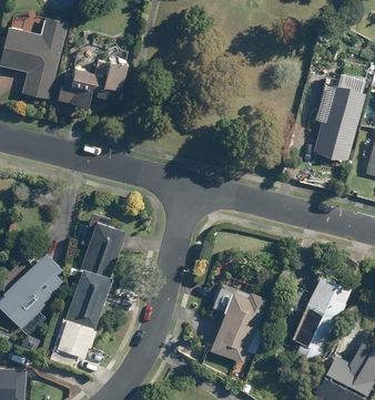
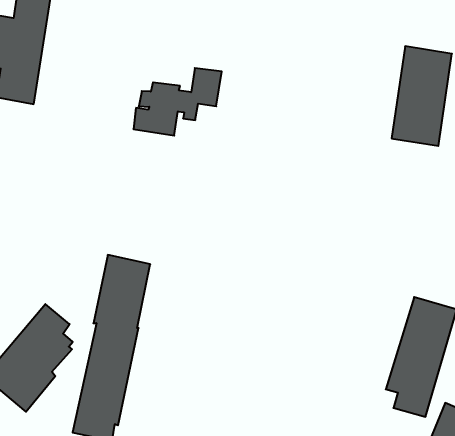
building: [59,61,129,110] -> [133,68,222,136]
building: [209,290,268,363] -> none

